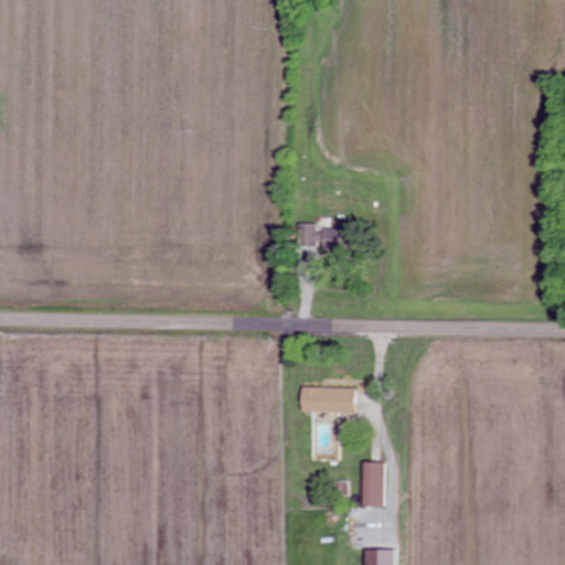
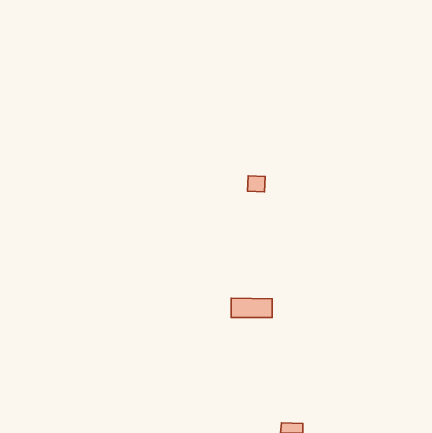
building: [296,223,317,247] -> none
building: [362,462,383,508] -> none

